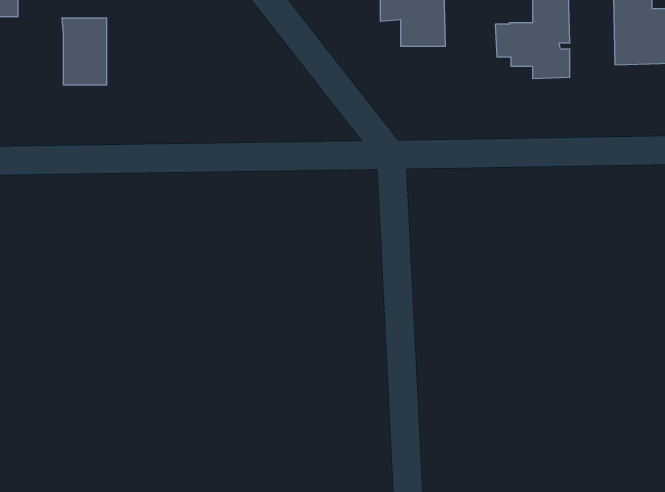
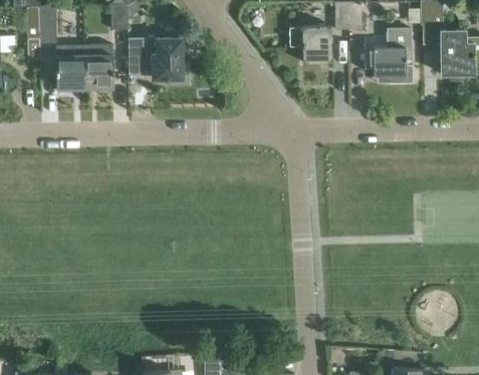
building: none -> [130,38,188,84]
building: none -> [55,44,84,91]

